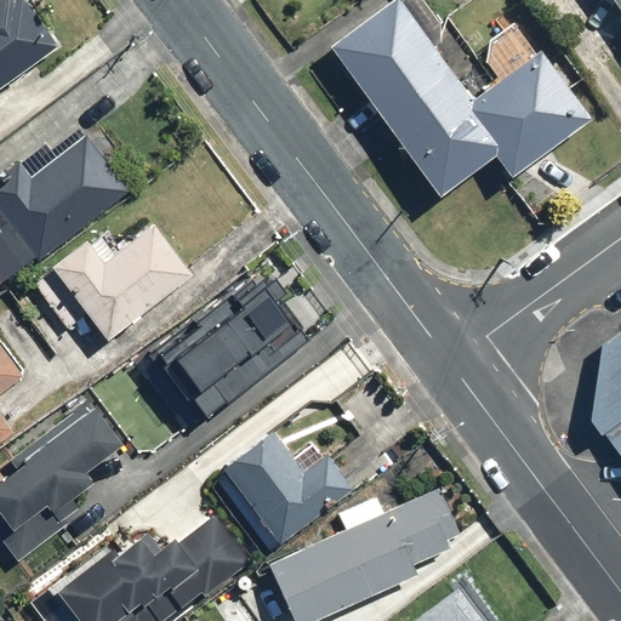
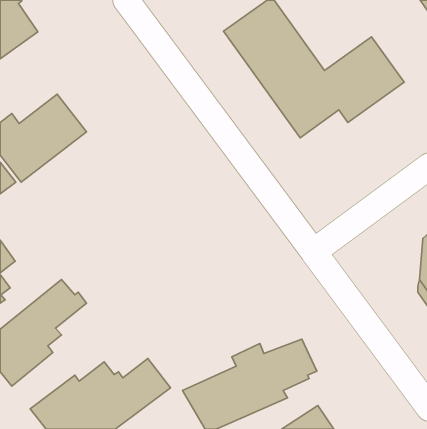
building: [51,223,193,342] -> none
building: [143,270,306,423] -> none
building: [223,432,352,543] -> none

